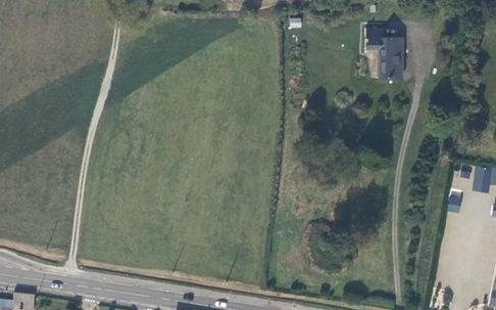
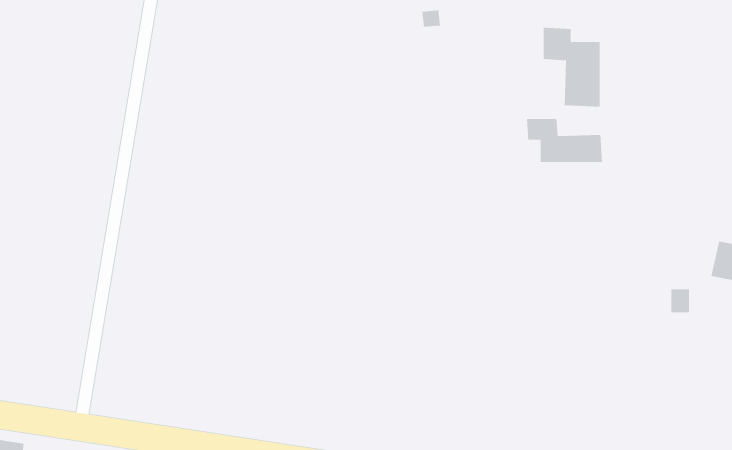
building: none -> [526,118,602,163]

